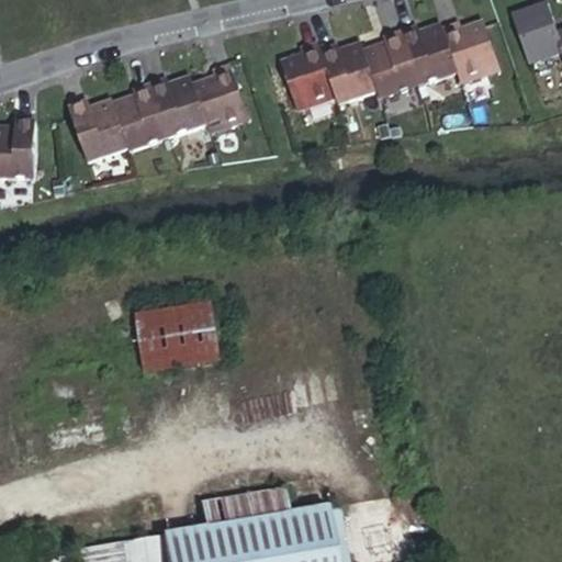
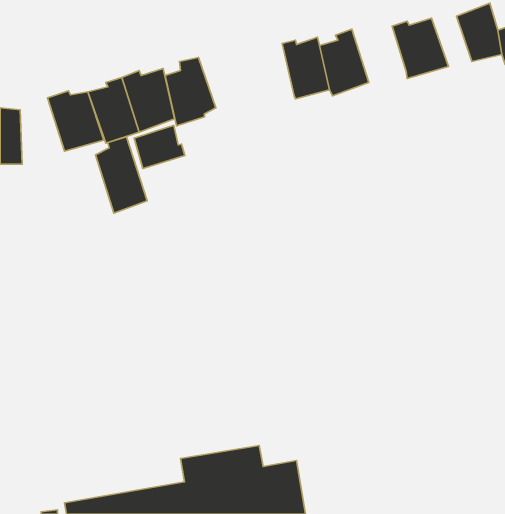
building: [394,24,453,90] -> none
building: [274,42,331,114] -> none
building: none -> [134,126,185,168]
building: none -> [96,137,147,213]
building: [145,302,227,371] -> none

